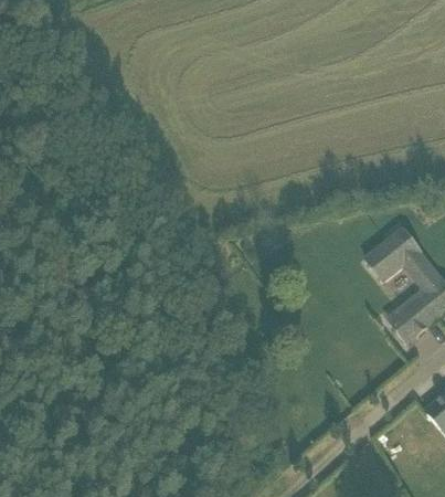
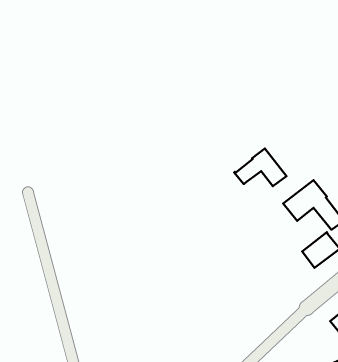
building: none -> [234,148,287,186]

